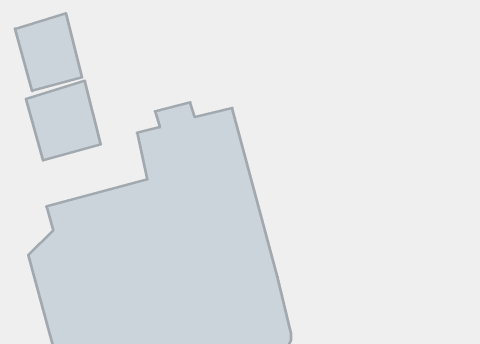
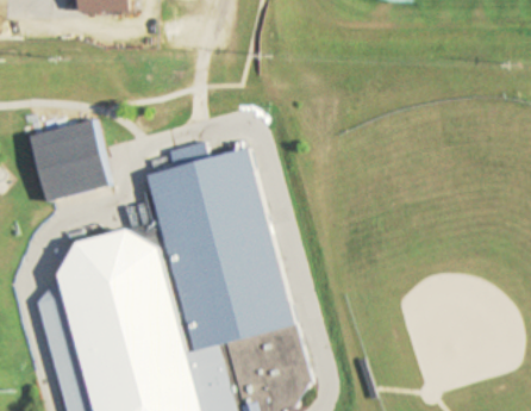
building: [15,13,82,91] -> none

